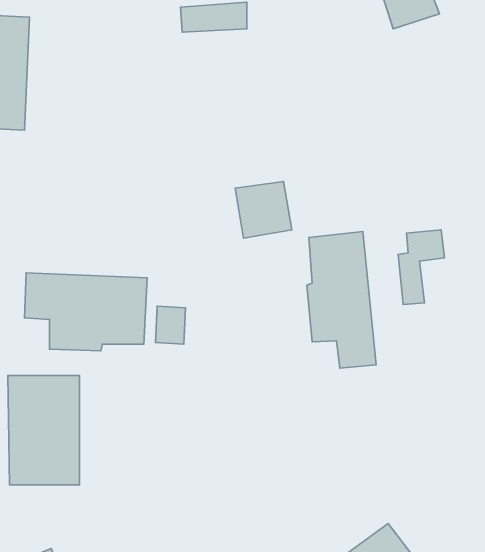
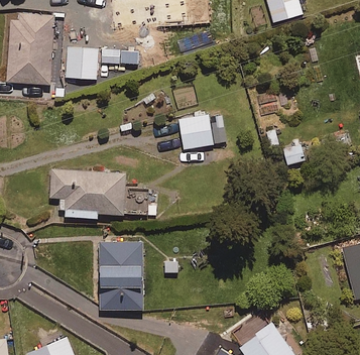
building: none -> [67,47,98,79]
building: [307,231,376,368] -> none
building: [8,375,79,485] -> [99,243,142,310]

